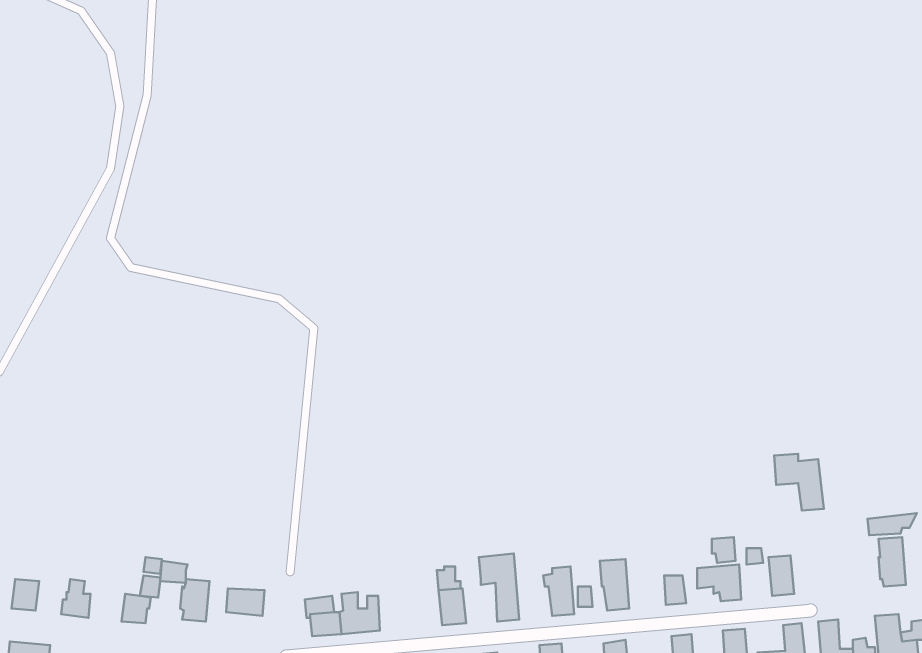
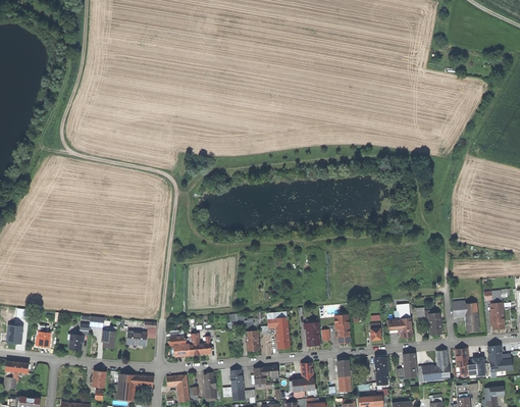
building: [774,454,824,511] -> [452,300,479,332]

